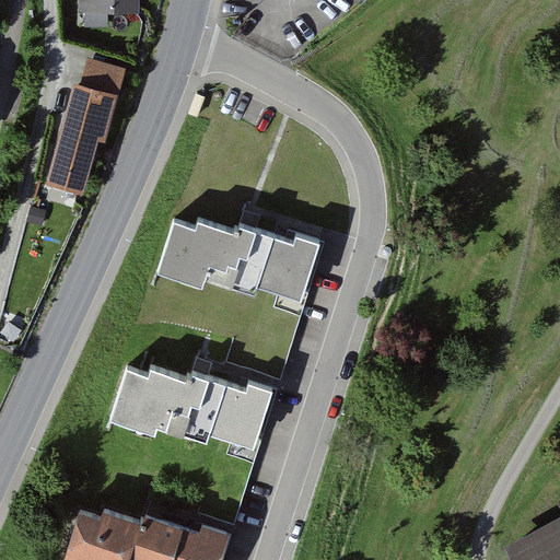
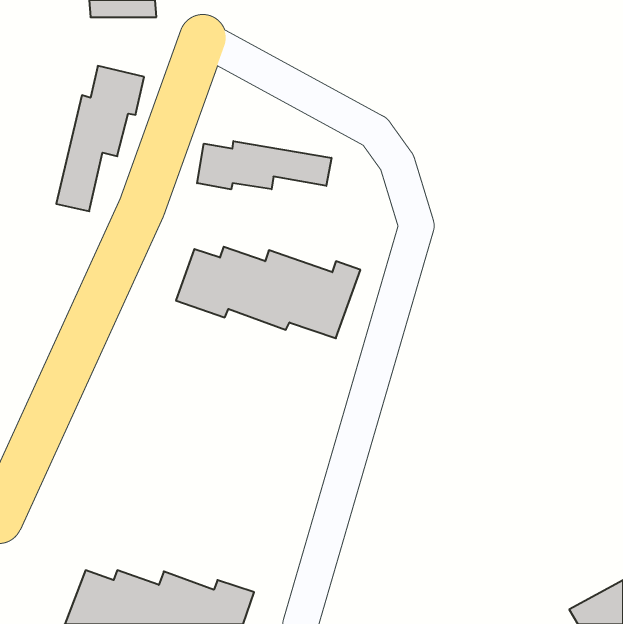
building: none -> [197,141,331,189]
building: [108,365,271,452] -> none

